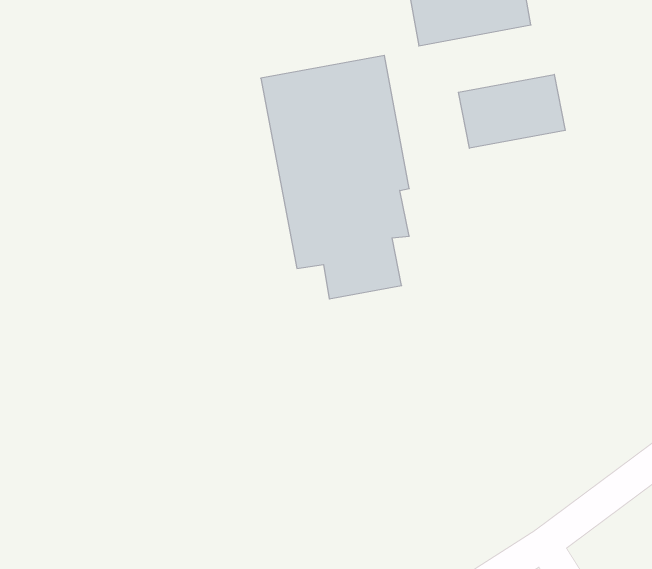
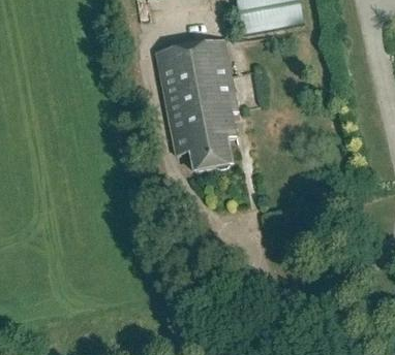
building: [458,74,565,148] -> none

